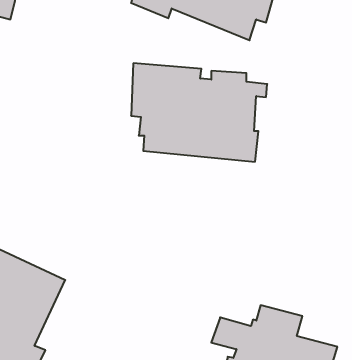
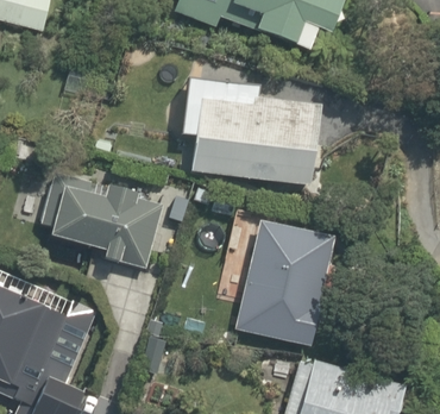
building: none -> [48,175,169,270]
building: none -> [235,215,348,346]

